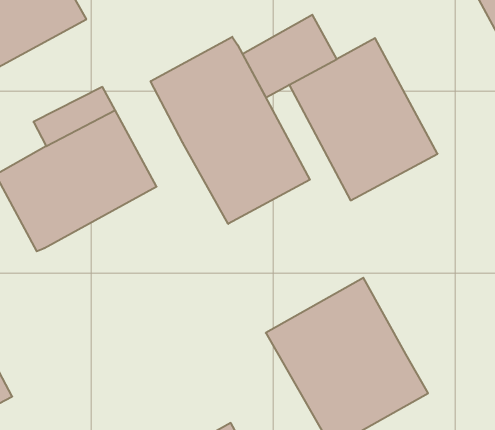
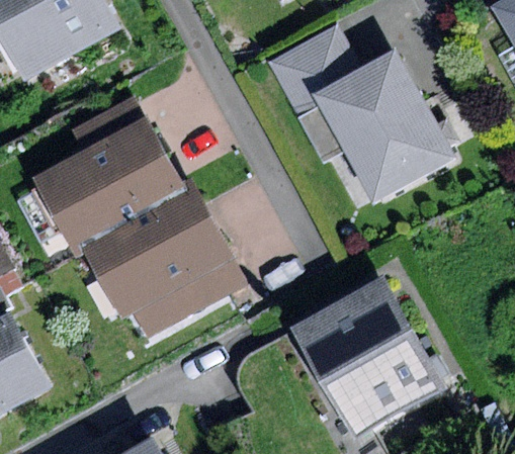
building: [151,37,310,224] -> none
building: none -> [79,186,246,339]

